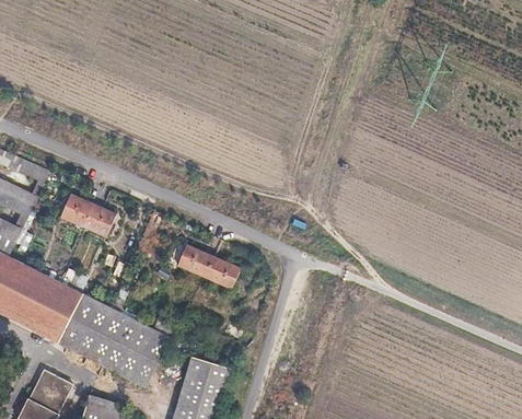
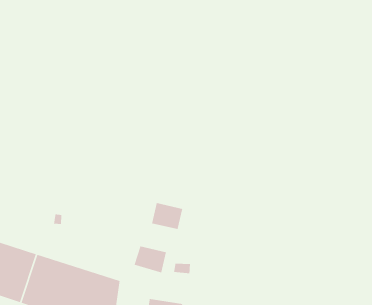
building: [59,193,113,235] -> none
building: [177,245,214,278] -> [133,246,167,274]

